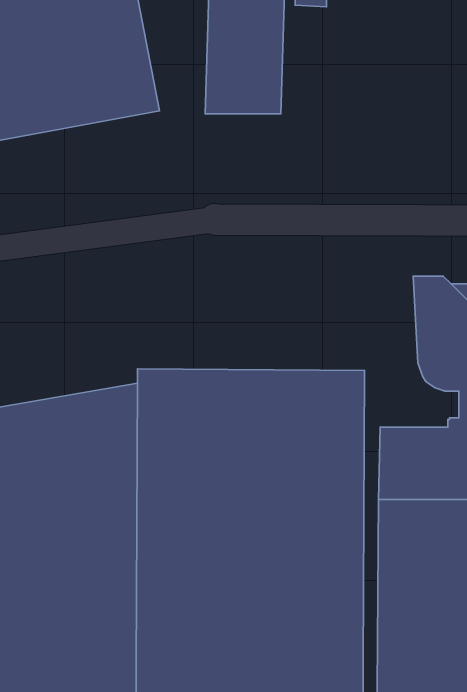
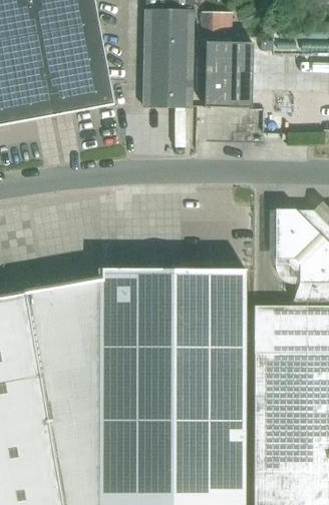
building: none -> [206,41,254,109]

